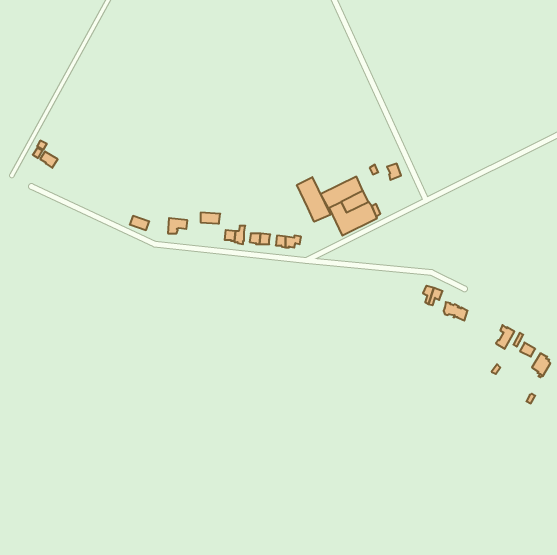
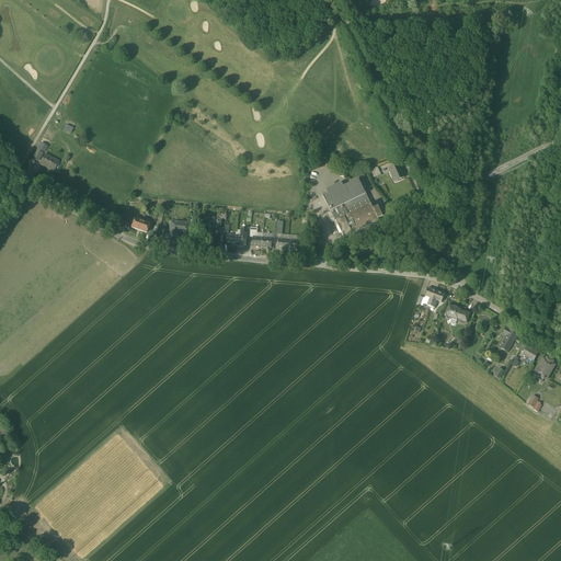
building: [297,177,330,222] -> none

